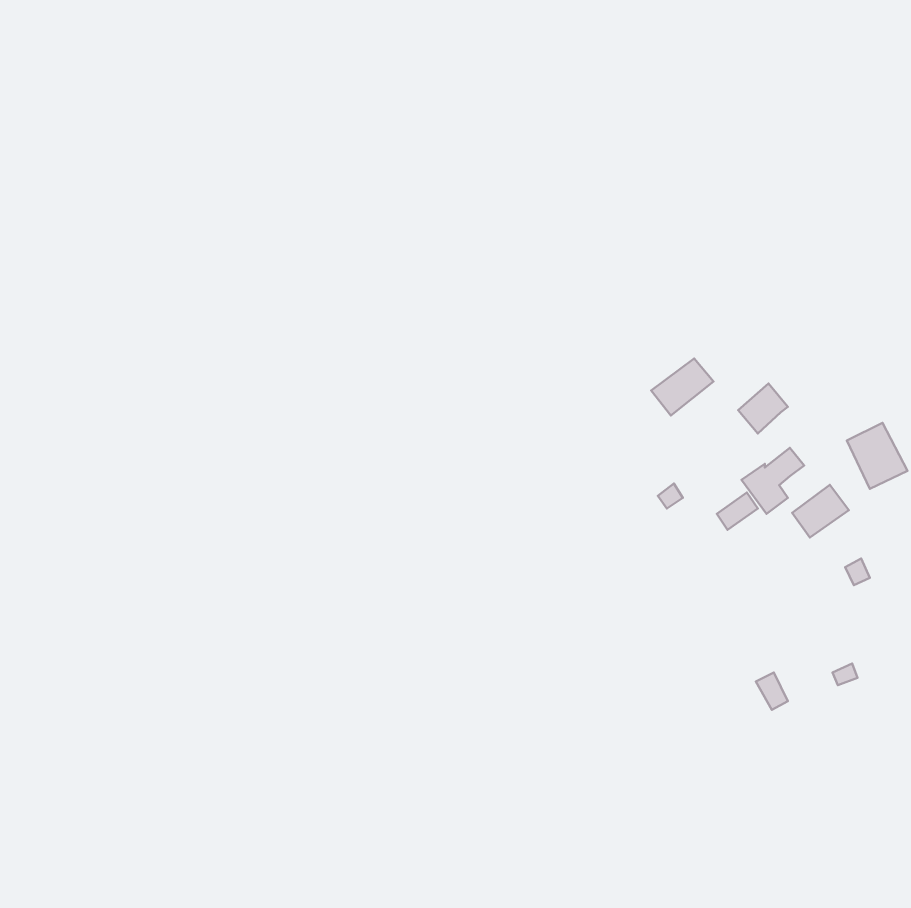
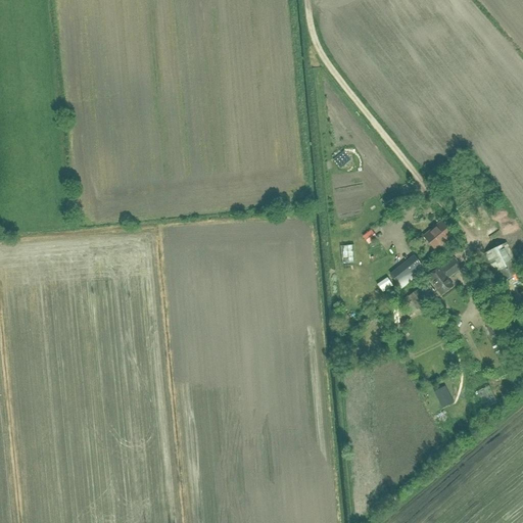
building: [651,358,714,416] -> [390,256,426,289]
building: [792,485,849,538] -> none

